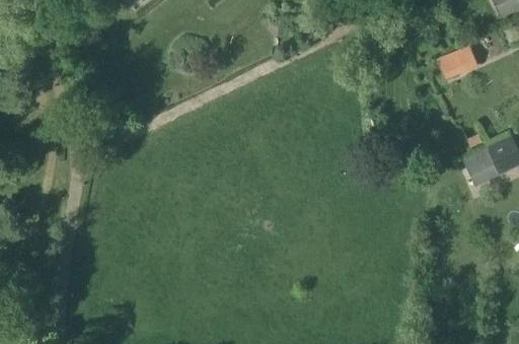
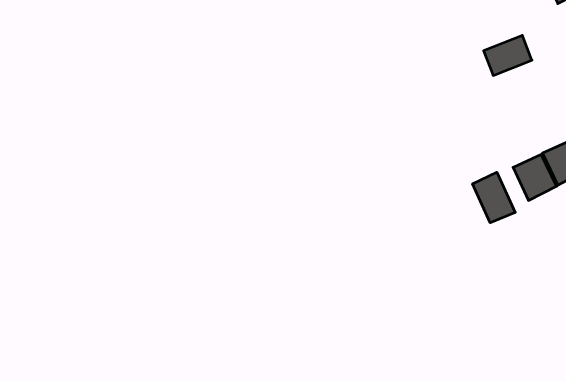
building: none -> [473,172,515,223]

